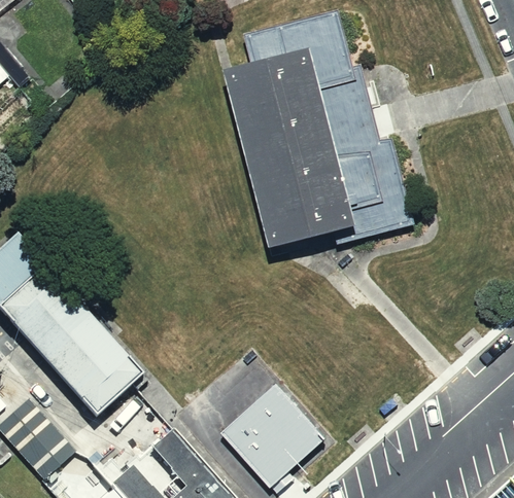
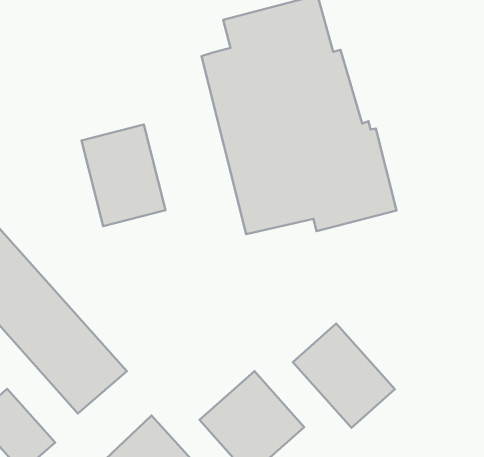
building: none -> [82,125,165,226]
building: none -> [293,323,395,428]

